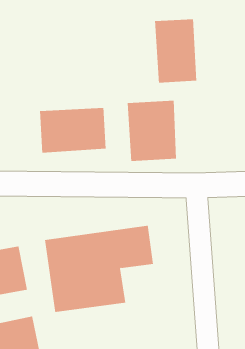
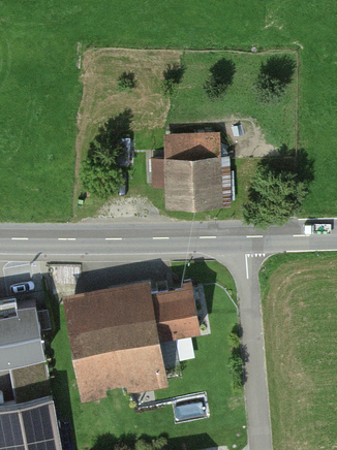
building: [154,18,197,83] -> none
building: [40,107,106,153] -> none

